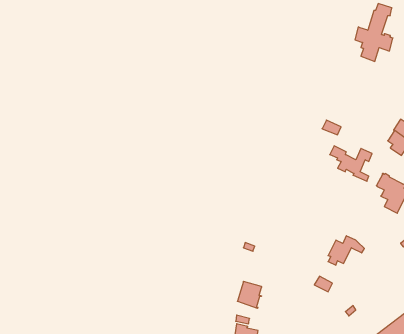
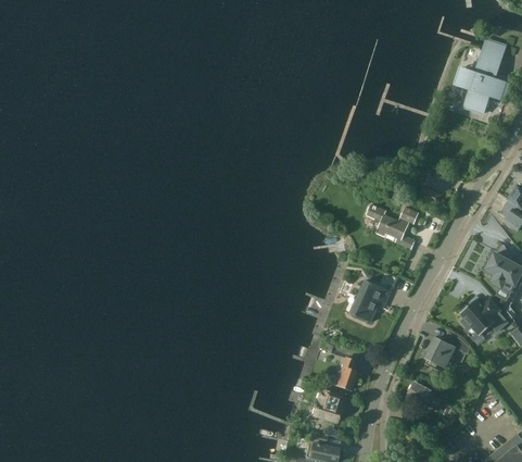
building: [330,146,372,181] -> [366,203,419,248]
building: none -> [354,279,391,322]
building: none -> [460,298,507,334]
building: none -> [329,357,357,389]

